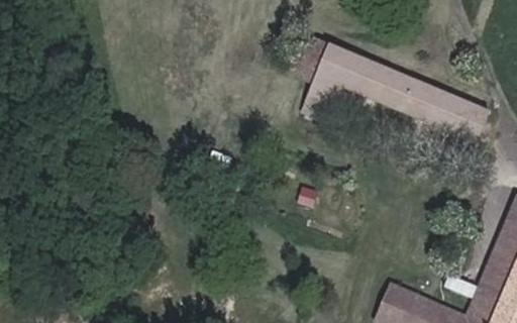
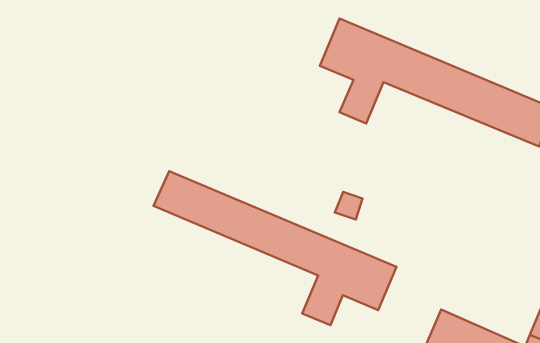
building: none -> [154,171,396,325]

